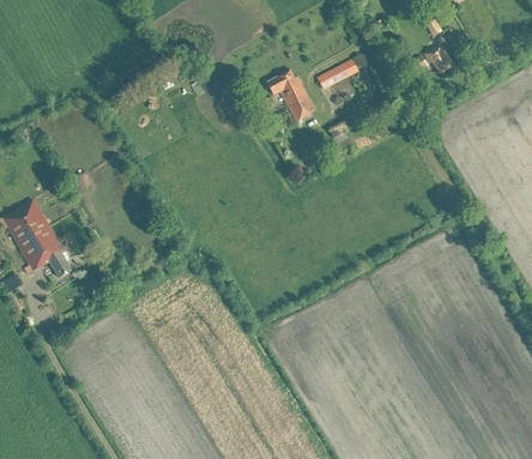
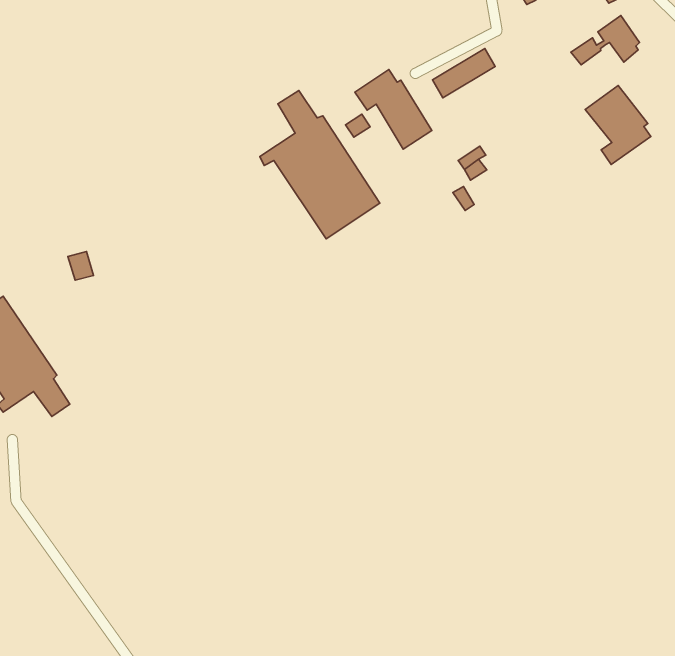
building: none -> [260,90,380,239]
building: none -> [585,86,651,165]

